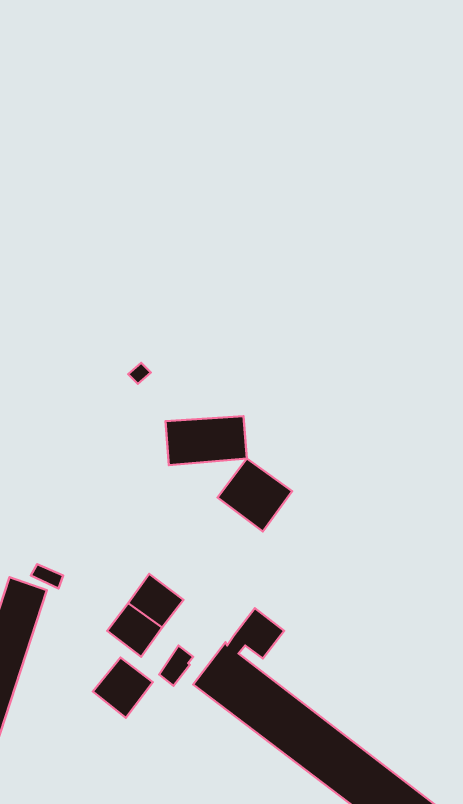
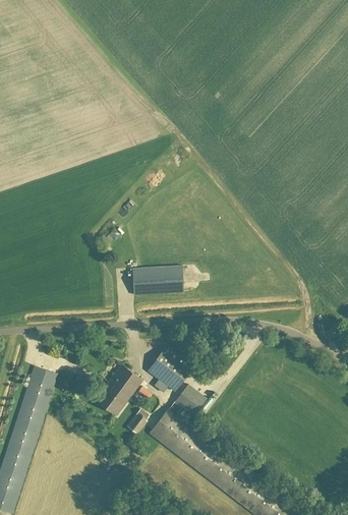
building: [217,459,292,532] -> [147,346,193,392]
building: [93,658,153,718] -> none

